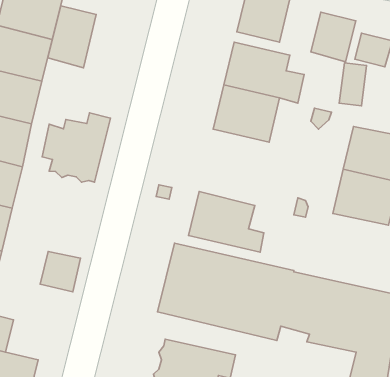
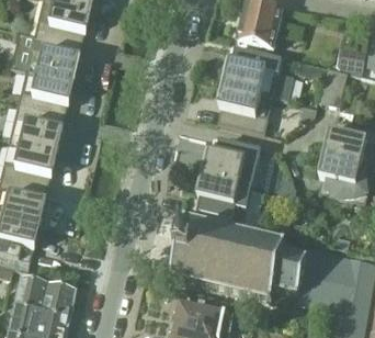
building: [48,6,96,68] -> none
building: [311,12,356,62] -> none
building: [42,113,110,182] -> none
building: none -> [205,138,261,187]
building: [40,252,81,292] -> [42,283,76,317]

